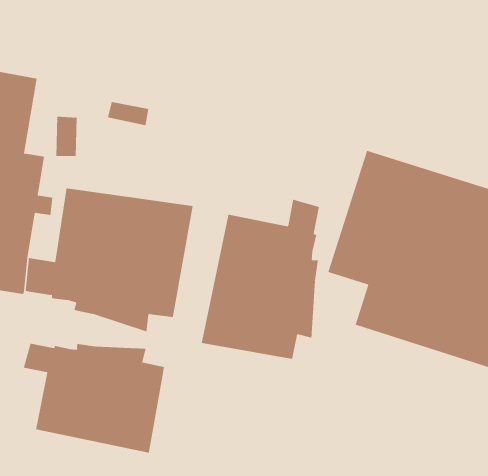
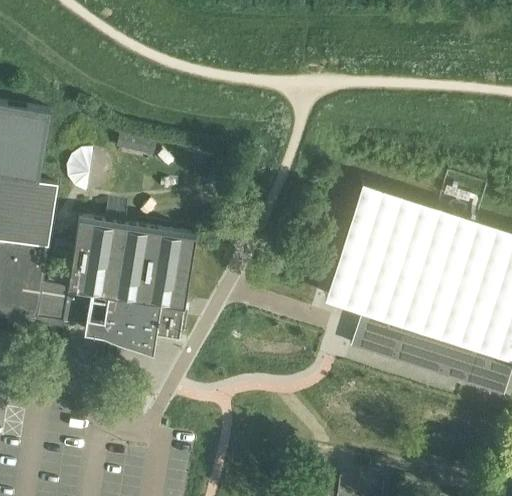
building: [201,199,319,359] -> none
building: [23,343,164,453] -> none

